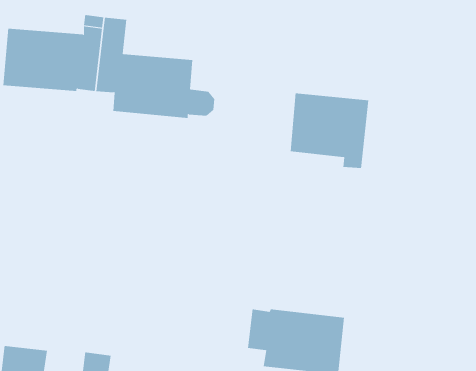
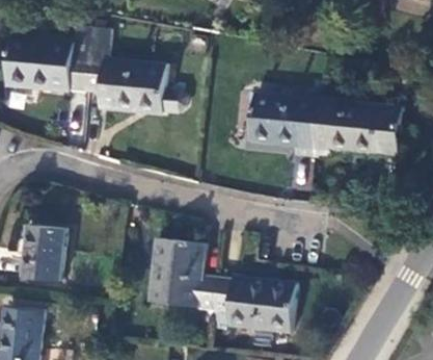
building: none -> [310,98,403,158]
building: none -> [23,226,65,281]
building: none -> [148,238,217,309]

